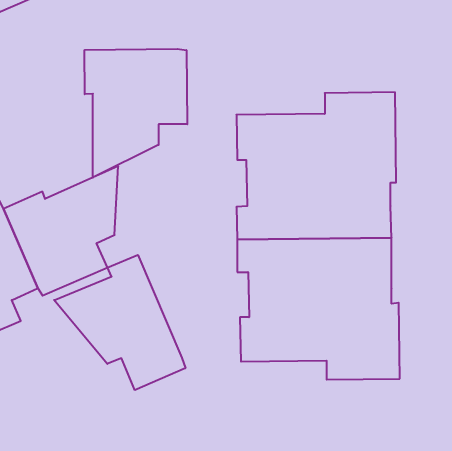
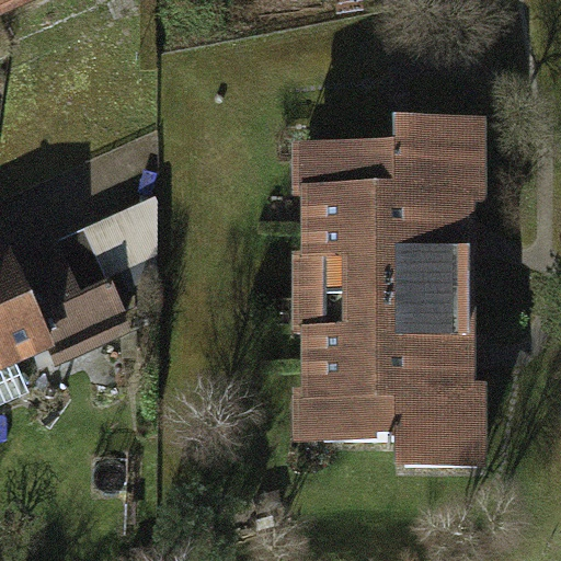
building: [85,49,187,178] -> none
building: [54,255,185,390] -> none

